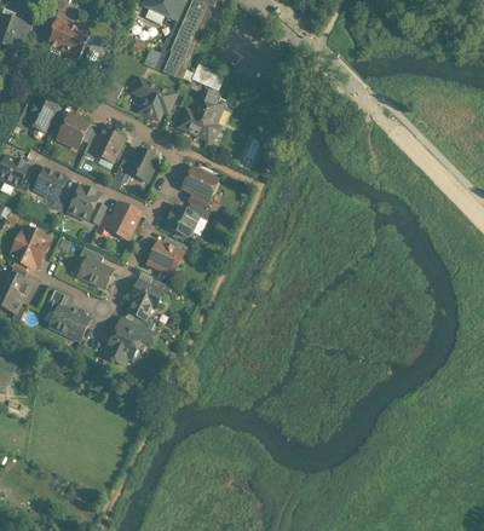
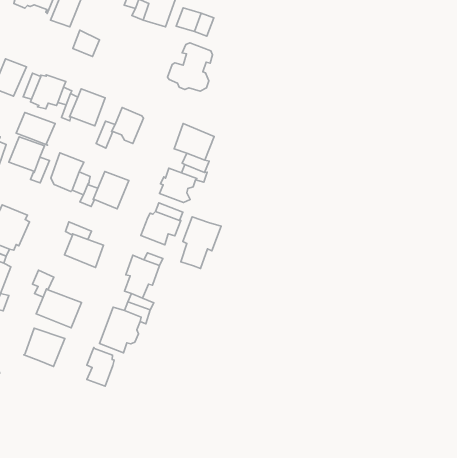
building: [133,77,177,119] -> none
building: none -> [16,112,55,145]
building: none -> [181,217,221,269]
building: none -> [24,328,65,366]
building: none -> [87,348,114,386]

